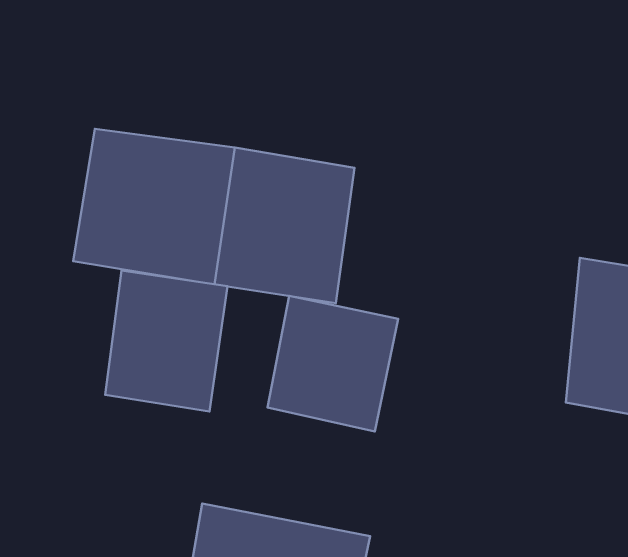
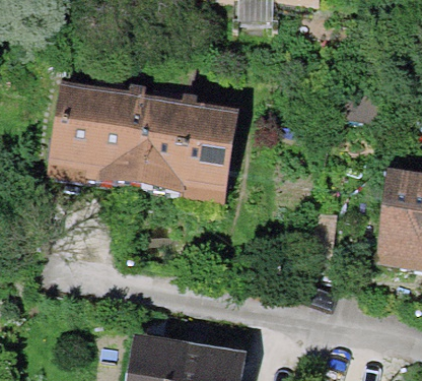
building: [105,271,228,412] -> none
building: [268,296,398,431] -> none

